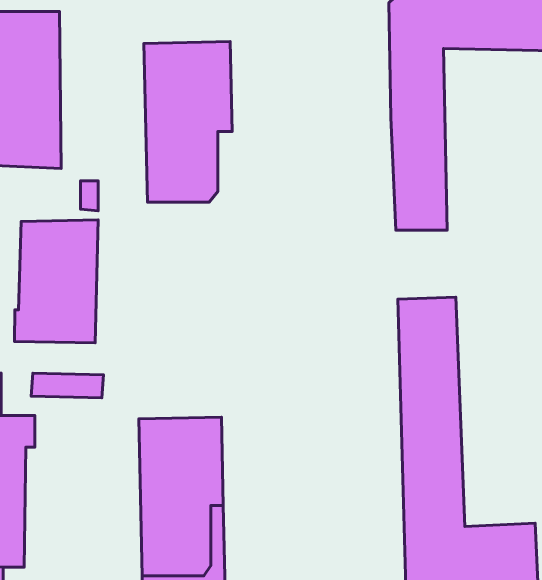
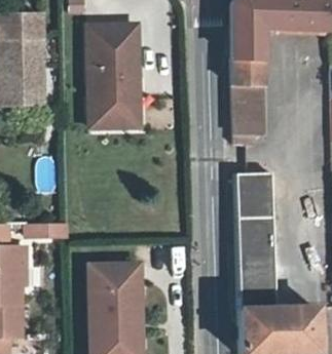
building: none -> [90,78,141,128]
building: [15,220,98,343] -> none

